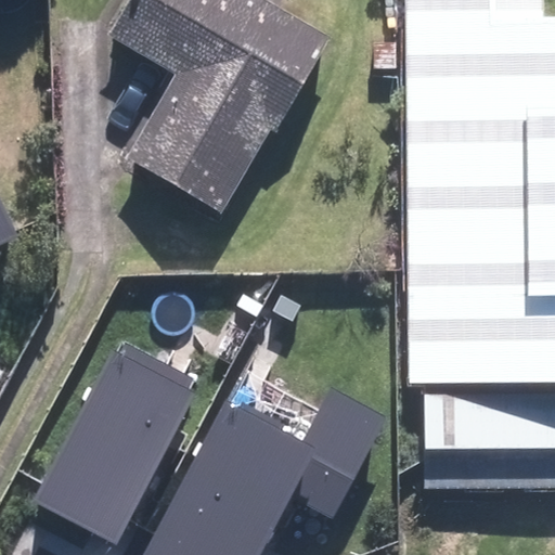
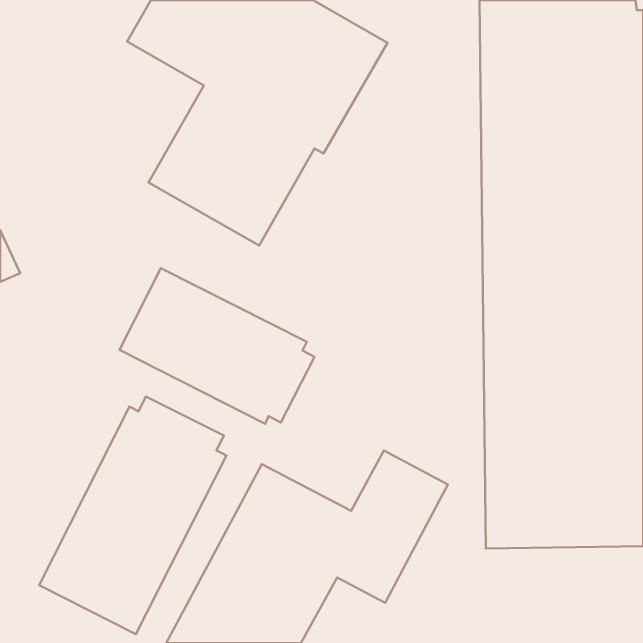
building: none -> [119,268,315,424]

